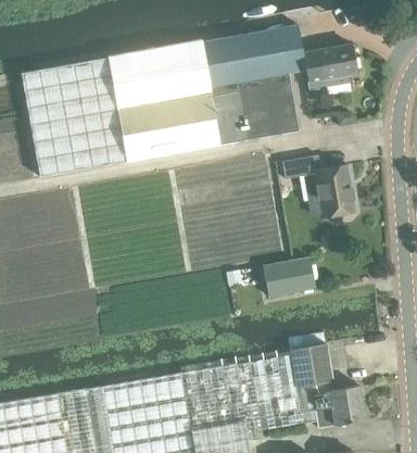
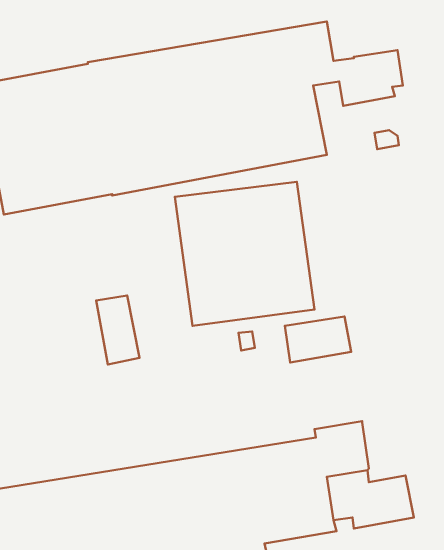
building: [283,158,357,219] -> none
building: none -> [96,295,139,365]

